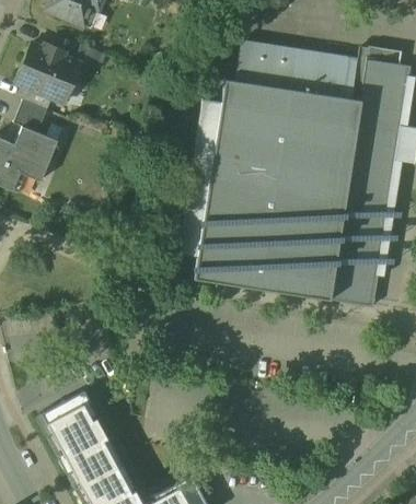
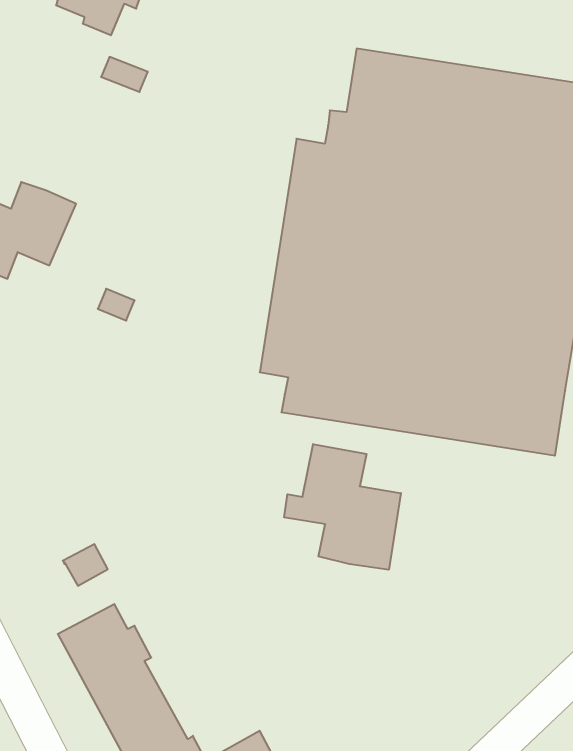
building: [16,43,76,101] -> none
building: [15,101,49,132] -> none
building: none -> [284,444,401,570]

